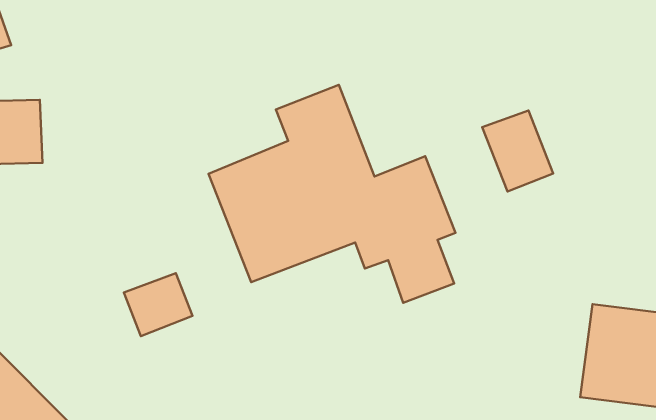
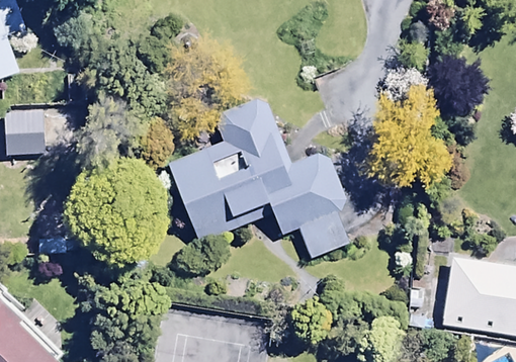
building: [482,110,553,192] -> none
building: [124,273,192,336] -> none

